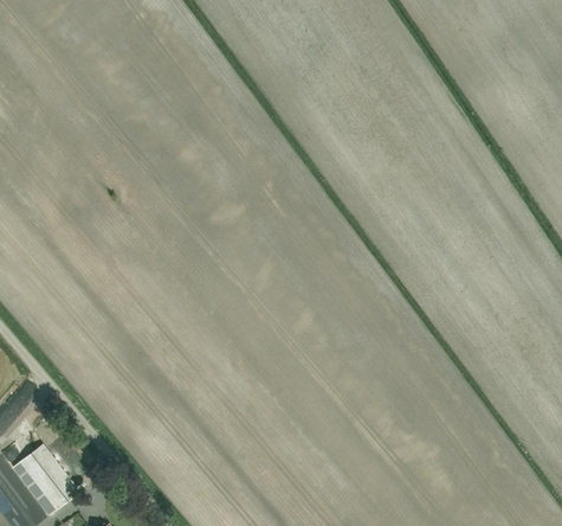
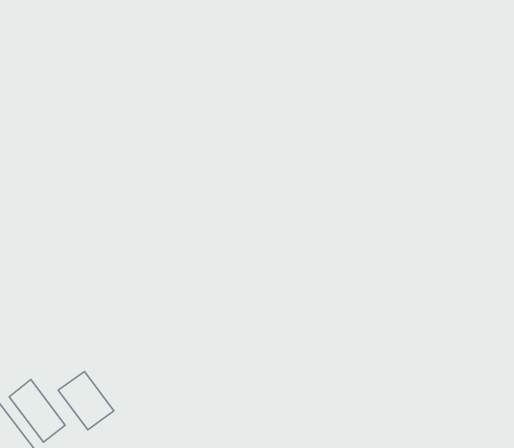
building: none -> [58,371,114,430]

